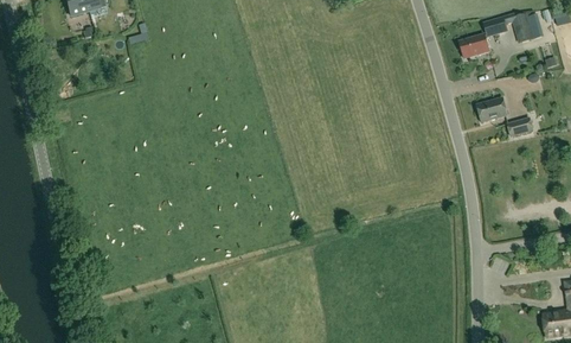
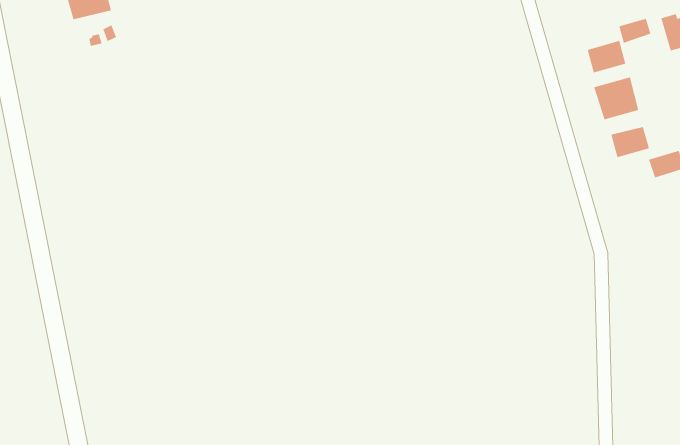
building: none -> [594,76,639,120]

